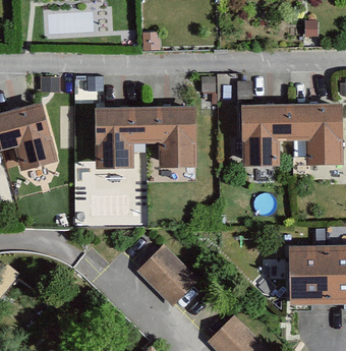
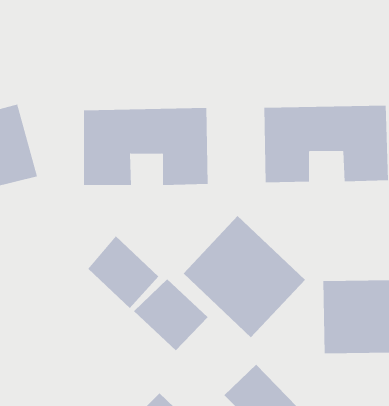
building: none -> [183,215,306,338]
building: none -> [88,235,159,309]

